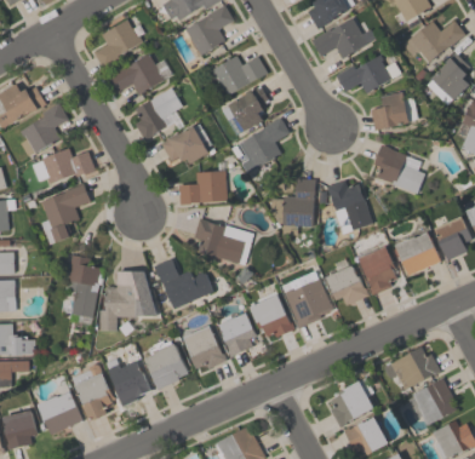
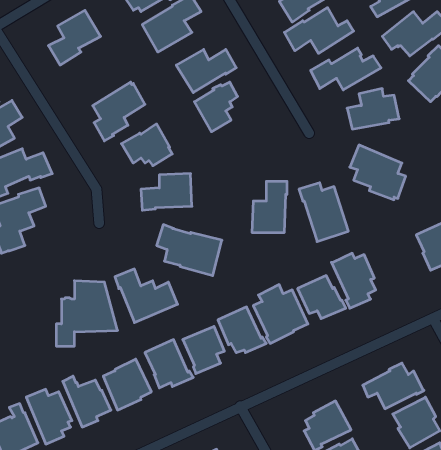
building: [108,53,164,94] -> none
building: [238,117,290,173] -> none
building: [394,231,441,276] -> none
building: [65,256,99,316] -> none

